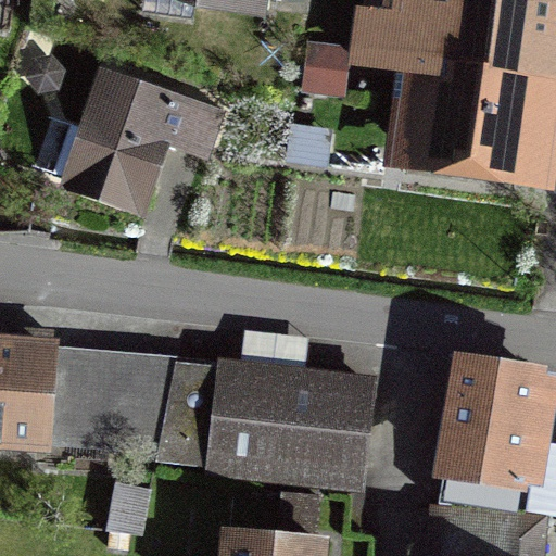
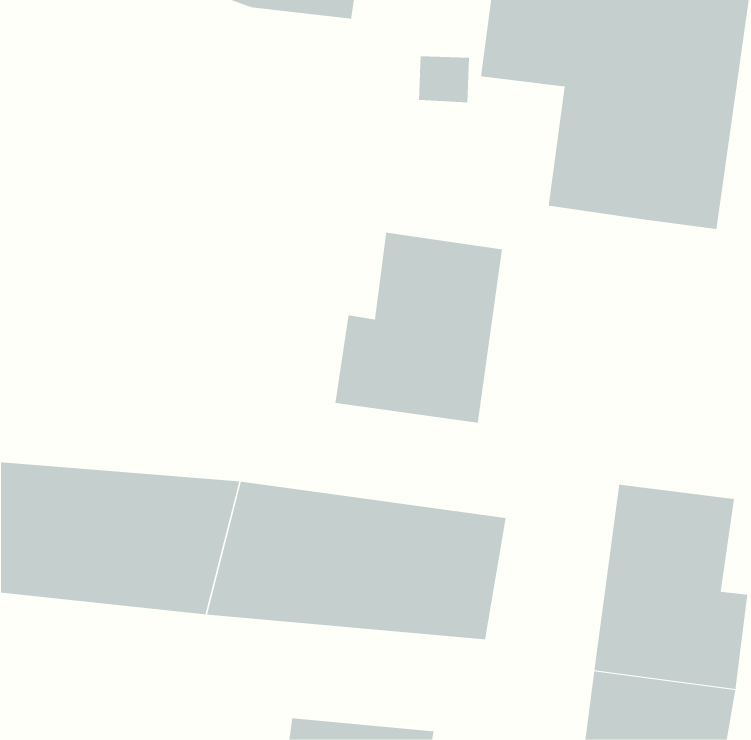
building: [65,71,224,215] -> none
building: none -> [335,232,502,423]

